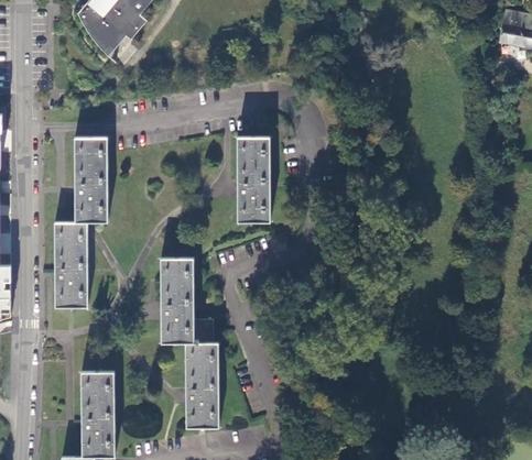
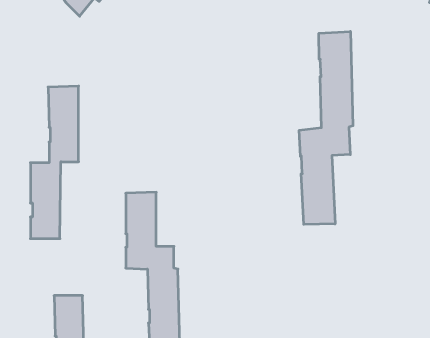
building: none -> [299,31,353,224]
building: [237,135,271,220] -> none

